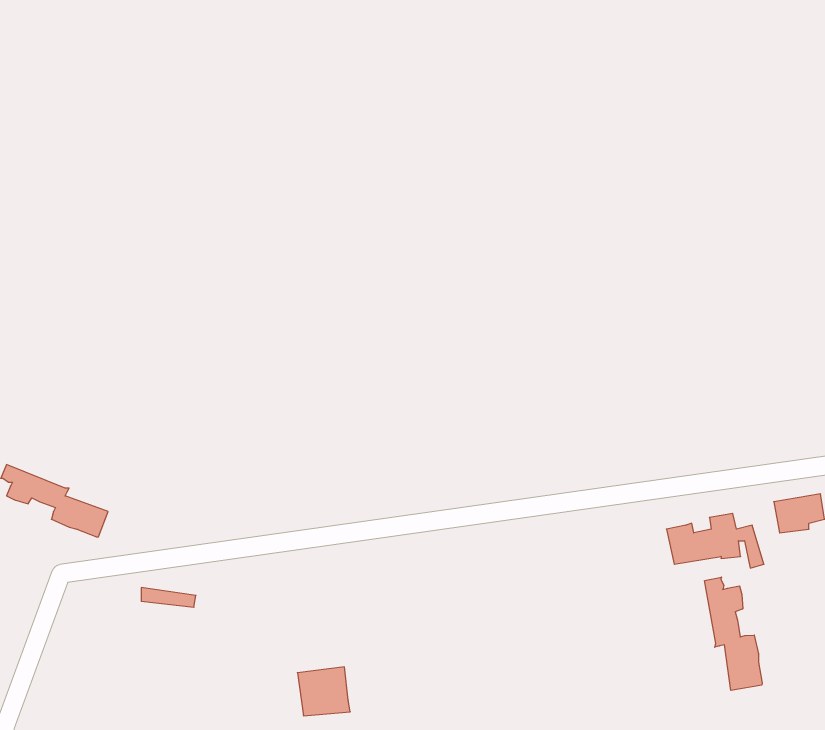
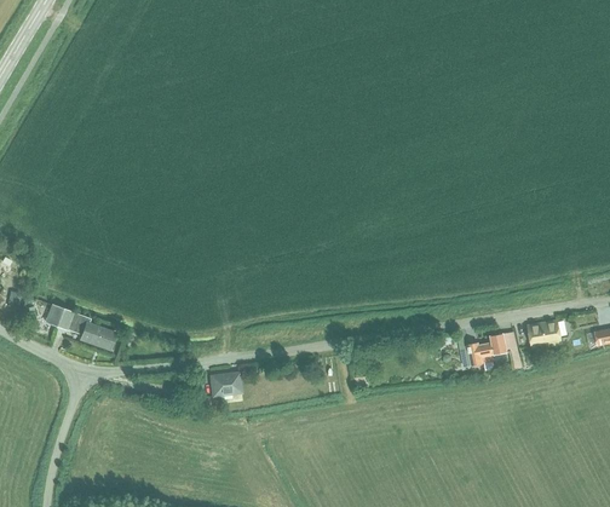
building: [705,577,762,690] -> none
building: [297,667,350,716] -> [211,371,243,402]

